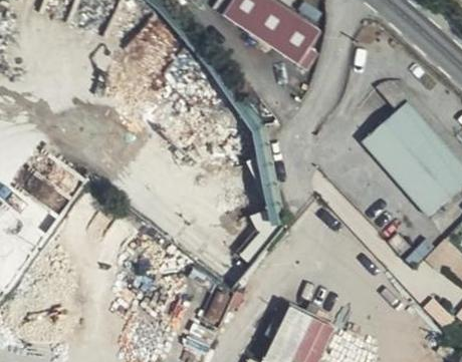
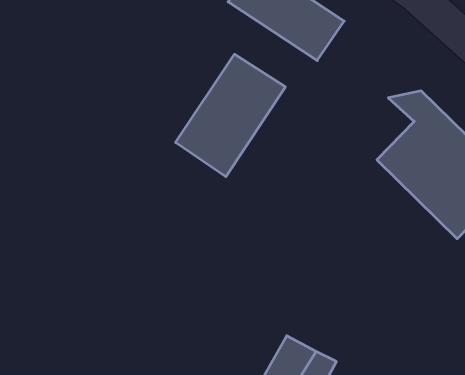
building: none -> [176,54,285,177]

